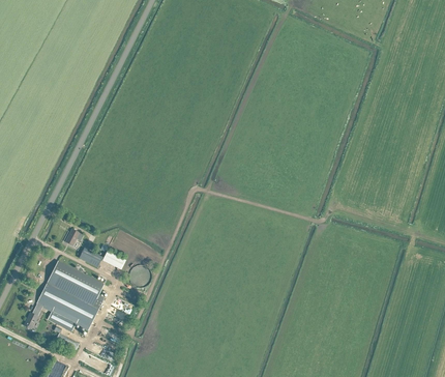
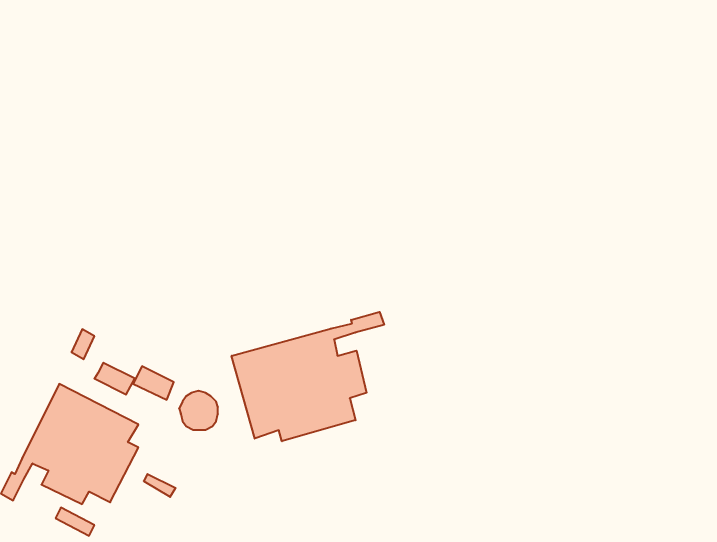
building: none -> [232,312,384,441]

